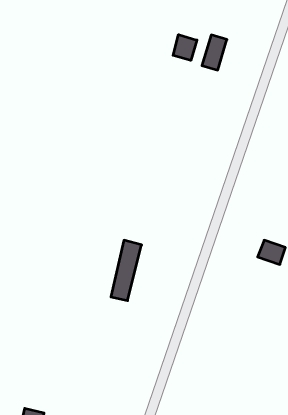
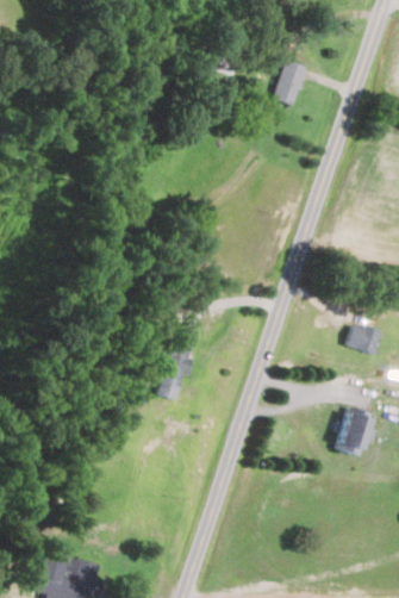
building: [173,35,197,60] -> none
building: none -> [336,413,374,459]

